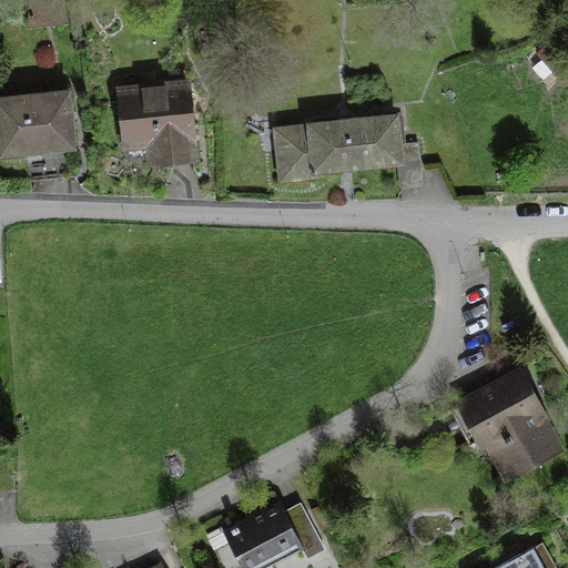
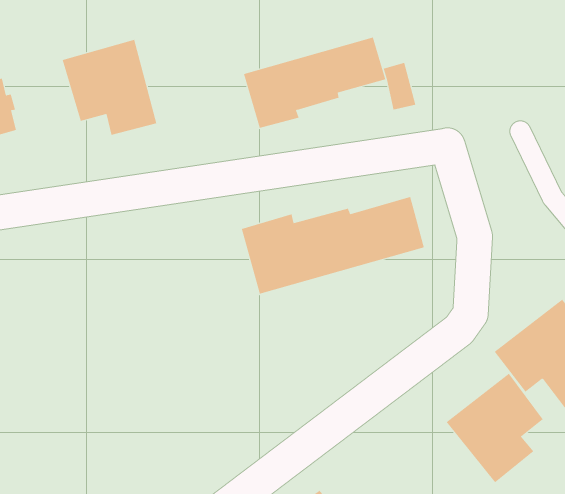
building: none -> [241,196,425,295]
building: none -> [446,373,544,483]

